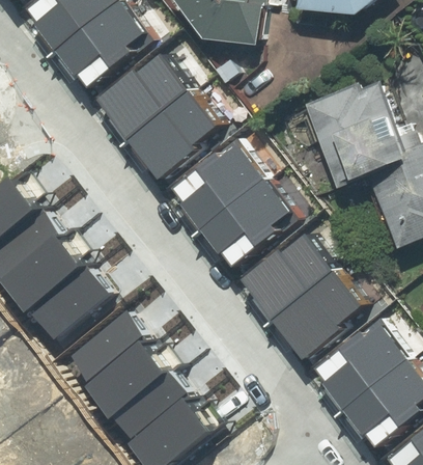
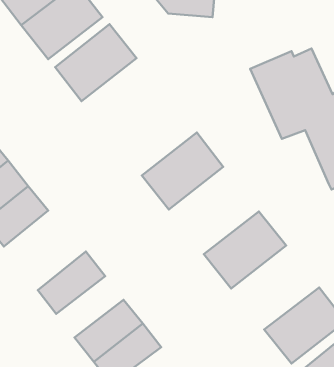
building: [121,87,218,179] -> none
building: [162,135,258,226] -> none
building: [235,228,332,320] -> none
building: [29,268,106,339] -> none
building: [307,319,403,409] -> none
building: [91,346,171,418] -> none

